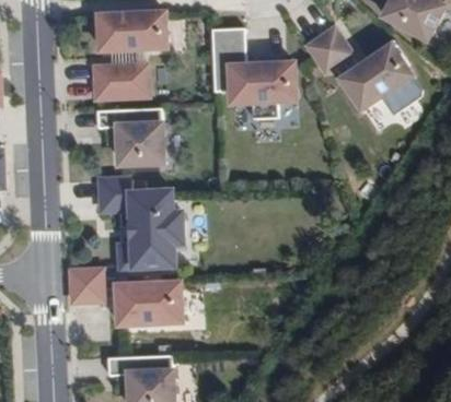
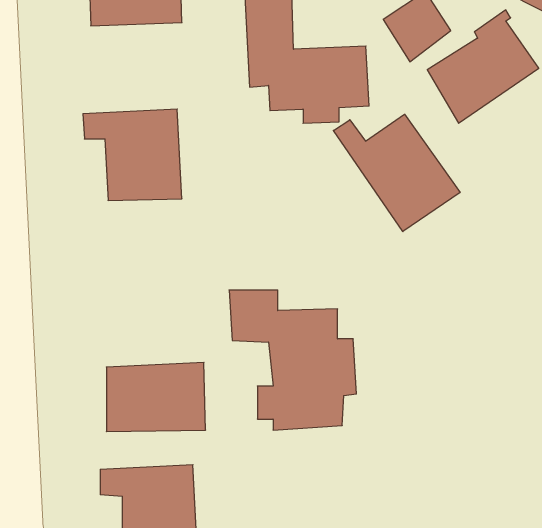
building: [93,61,151,99] -> none
building: none -> [333,114,460,232]
building: [97,176,186,273] -> [229,290,356,430]
building: [68,265,107,304] -> none

